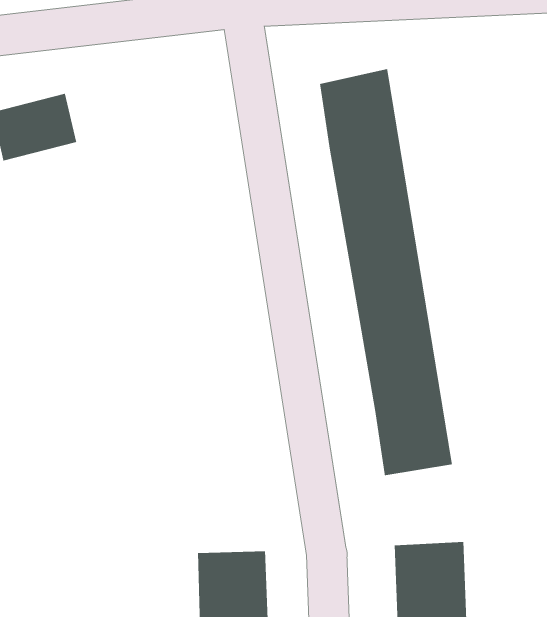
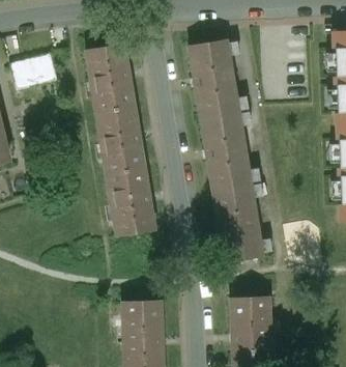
building: none -> [86,44,154,234]

